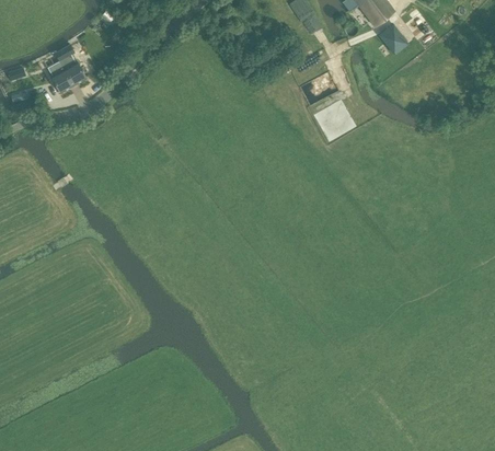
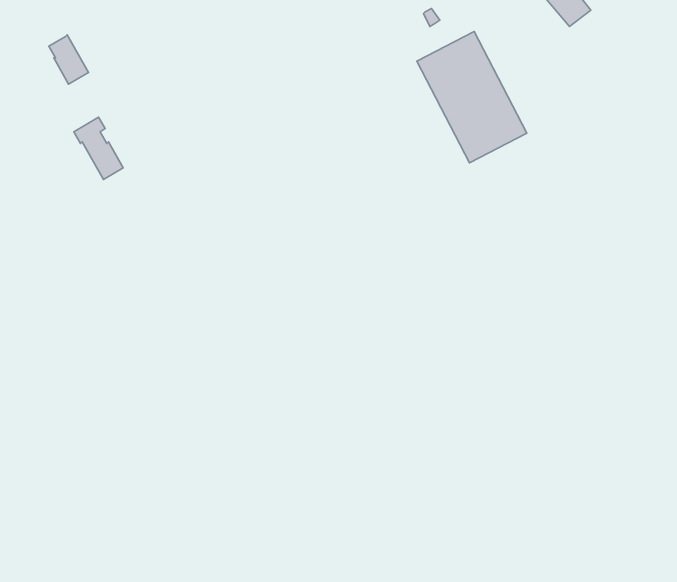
building: [55,44,88,85] -> [74,117,123,179]

